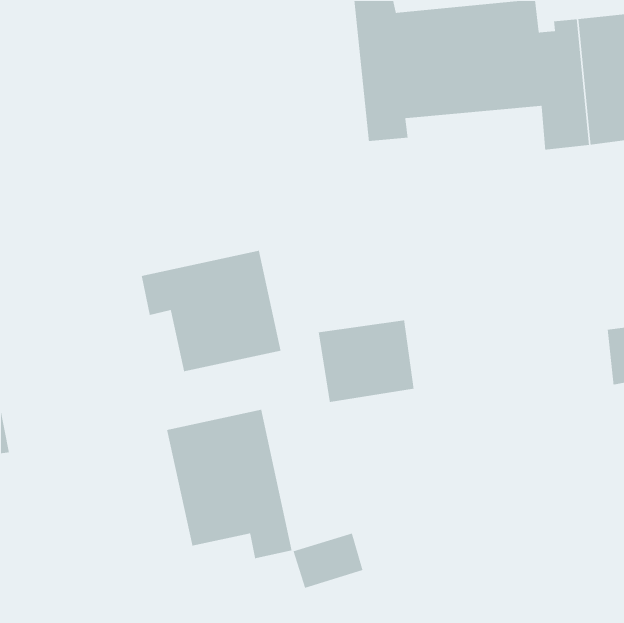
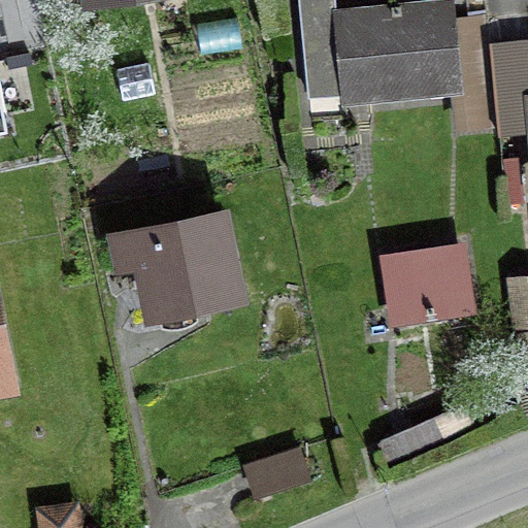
building: [318,320,415,403] -> [386,252,467,322]
building: [166,409,292,559] -> none

